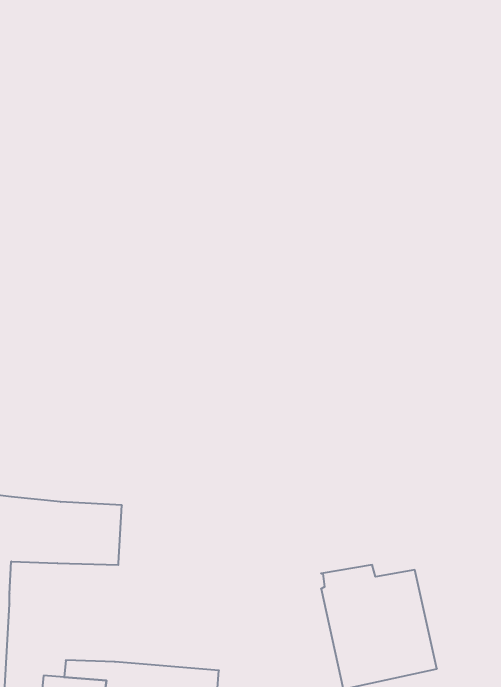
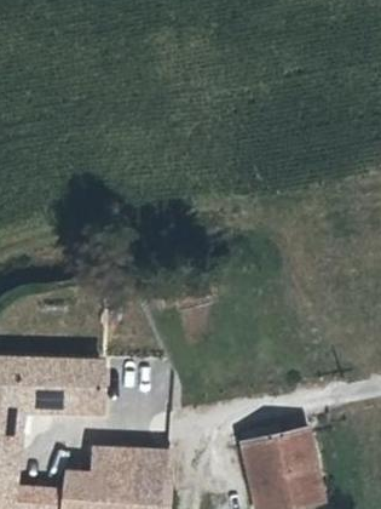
building: none -> [92,448,167,491]

